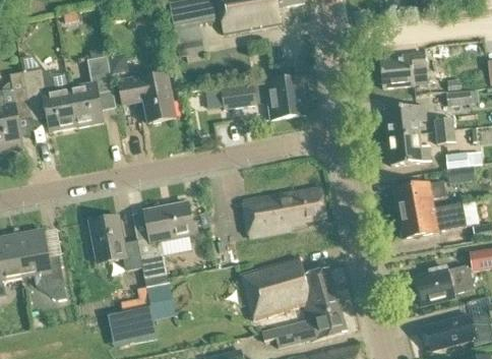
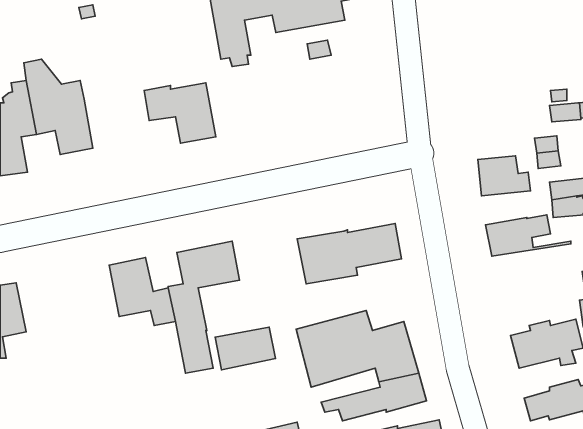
building: [68,46,112,126] -> none
building: [379,52,427,87] -> none
building: [221,76,306,118] -> none
building: [384,104,425,135] -> none
building: [398,203,467,237] -> none
building: [13,229,64,295] -> none
building: [109,310,158,345] -> [215,327,275,370]

